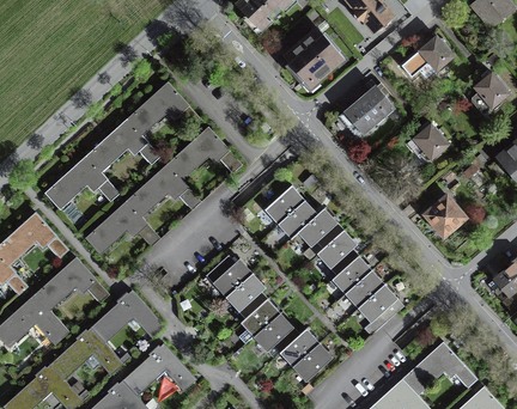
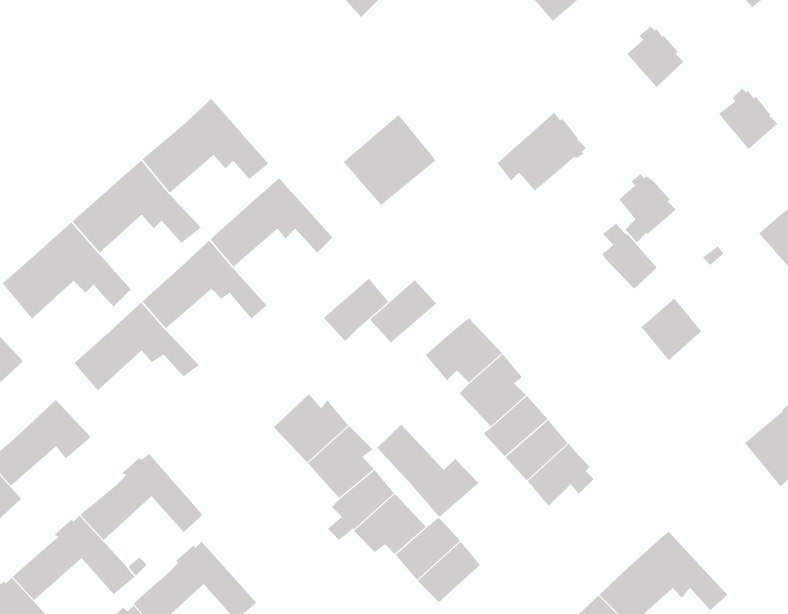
building: [285,30,341,85] -> [343,114,437,206]
building: none -> [601,223,658,290]
building: [276,201,316,239] -> [323,278,389,342]
building: none -> [376,424,479,518]

